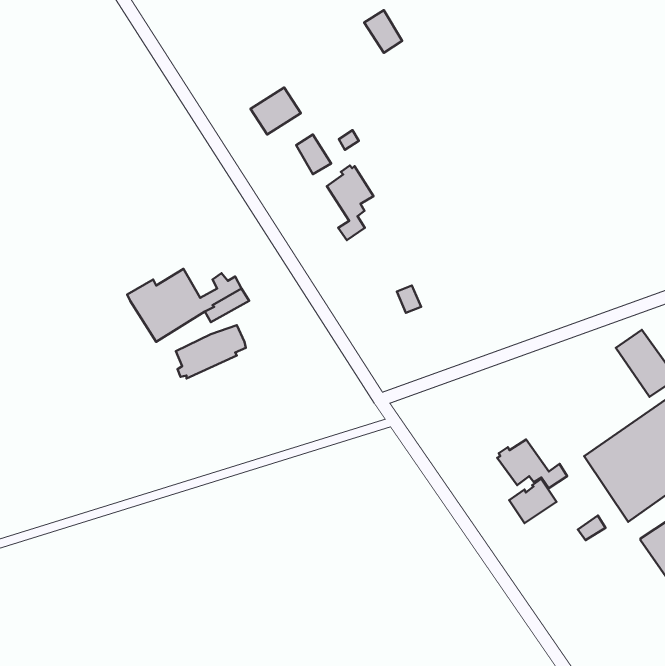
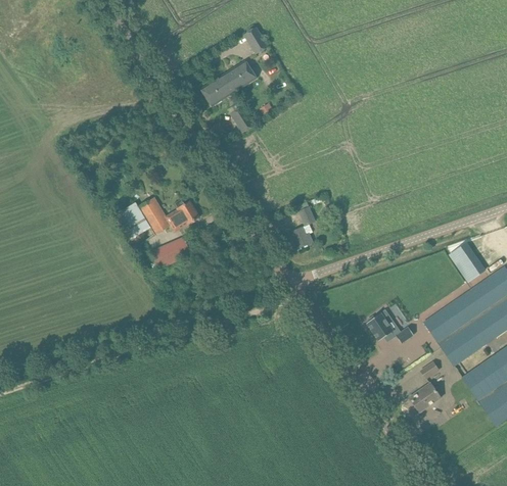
building: [364,10,402,53] -> [242,27,268,55]
building: none -> [223,60,257,92]
building: [327,166,374,240] -> none
building: none -> [288,224,313,249]
building: [509,479,556,523] -> [409,383,441,412]

